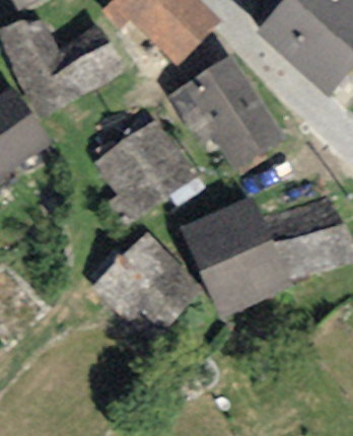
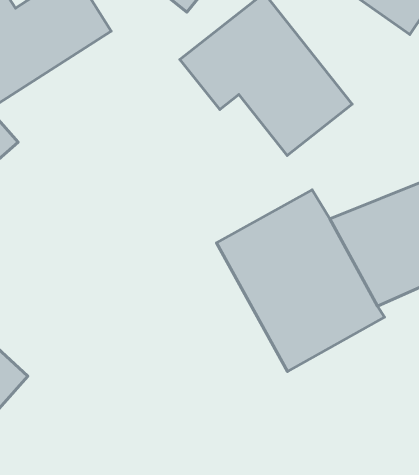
building: [92,117,198,219] -> none
building: [92,230,205,343] -> none

